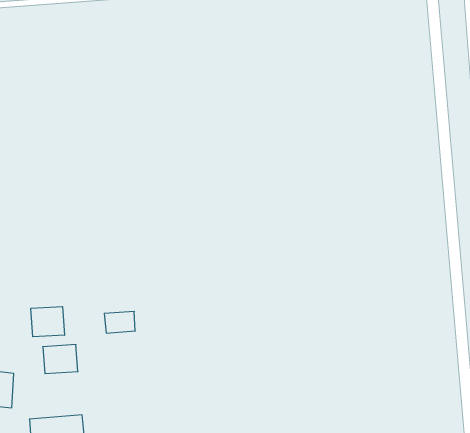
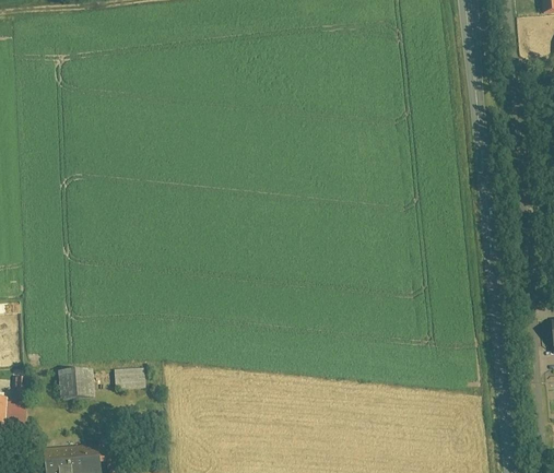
building: [31,307,64,337] -> none
building: [104,311,135,333] -> [113,366,145,389]

